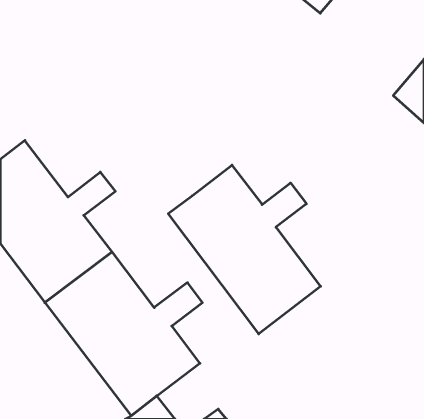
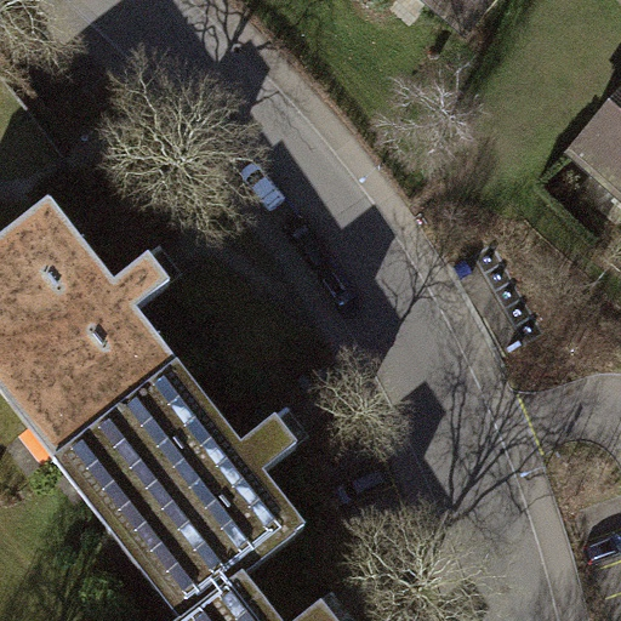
building: [168,165,321,334] -> none

